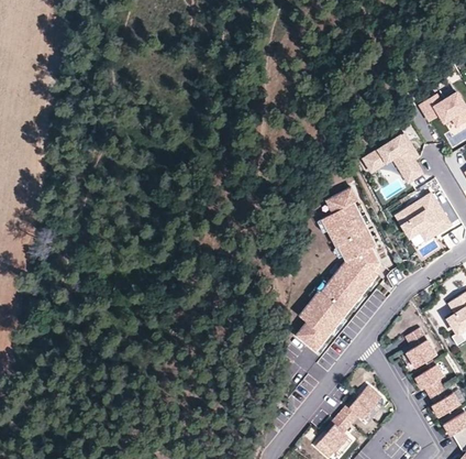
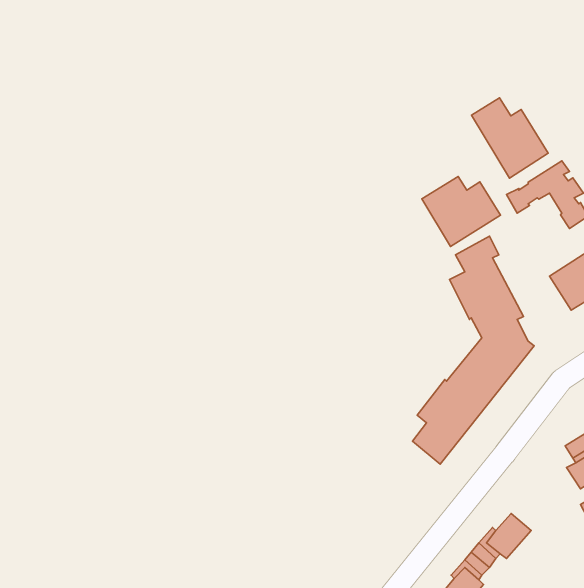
building: none -> [472,98,548,178]
building: none -> [422,177,501,247]

